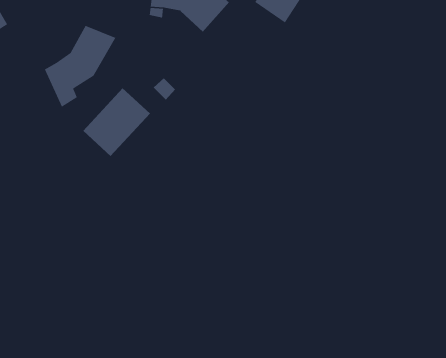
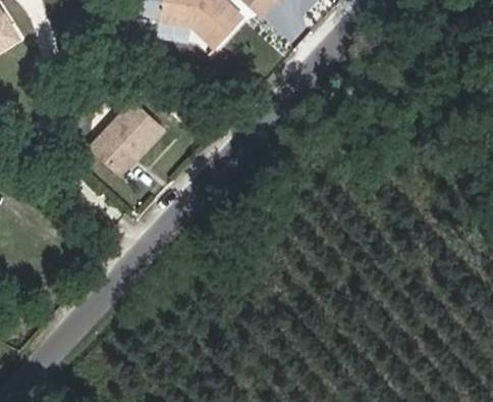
building: [44,25,117,108] -> none

